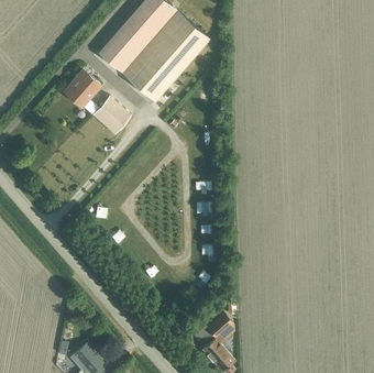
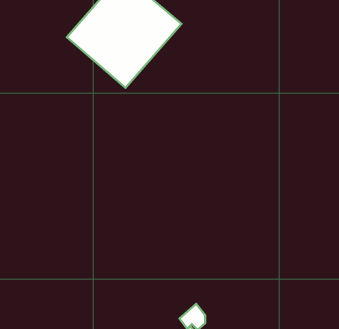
building: [62,67,101,107] -> none
building: [92,94,133,134] -> none

